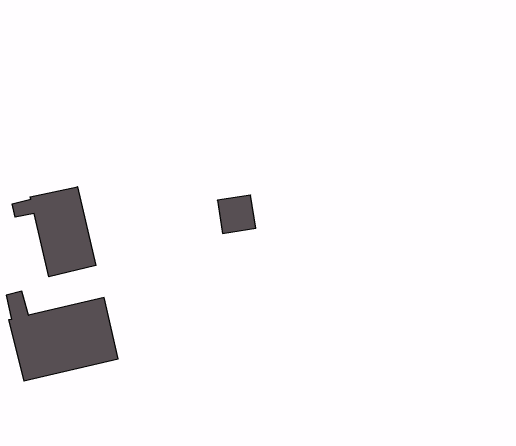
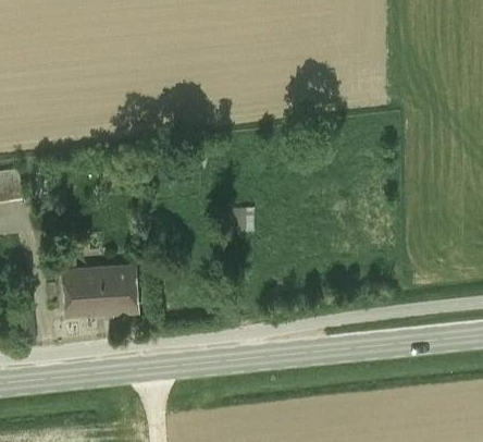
building: [12,187,96,277] -> none

